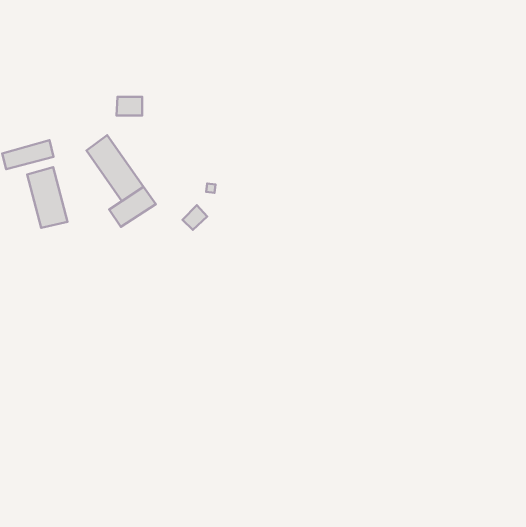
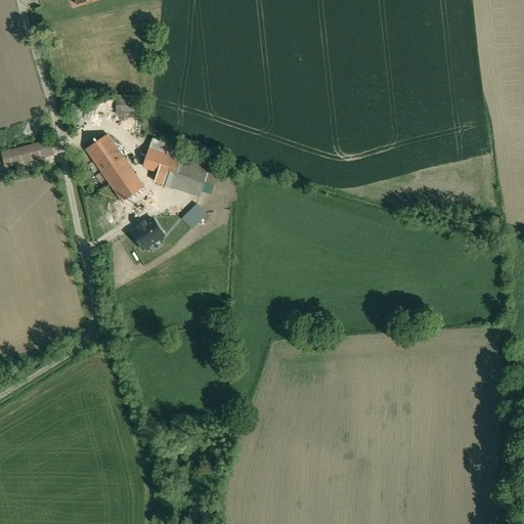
building: none -> [142,148,208,195]
building: [27,167,68,228] -> none
building: none -> [131,218,164,250]

